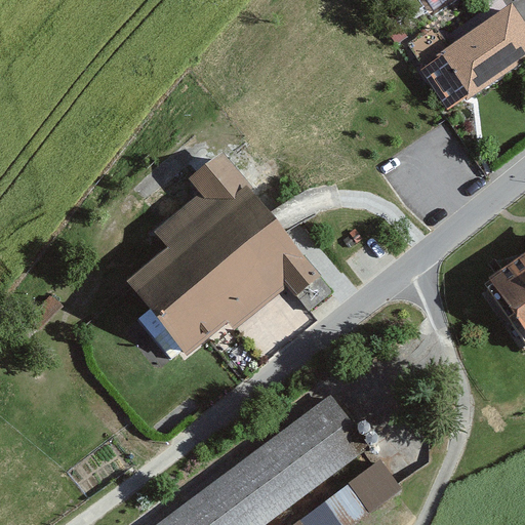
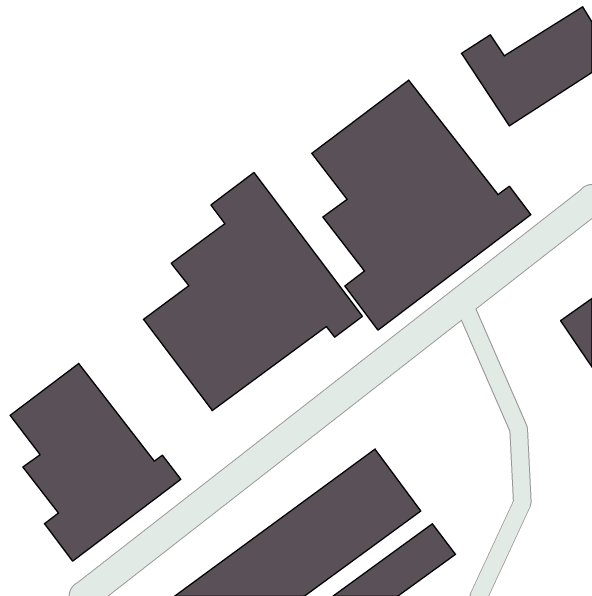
building: none -> [312,80,531,330]
building: none -> [10,363,181,561]

